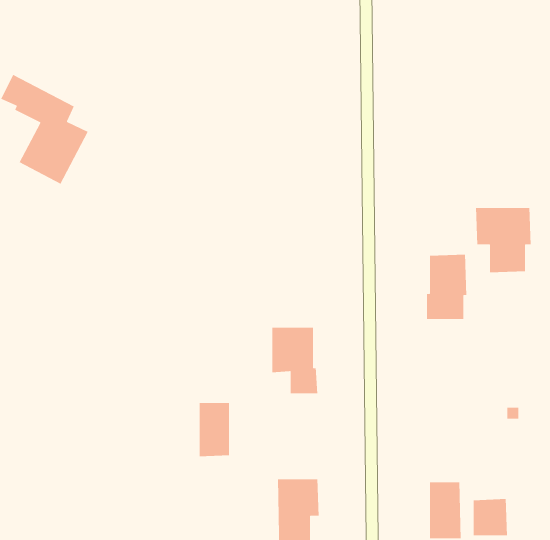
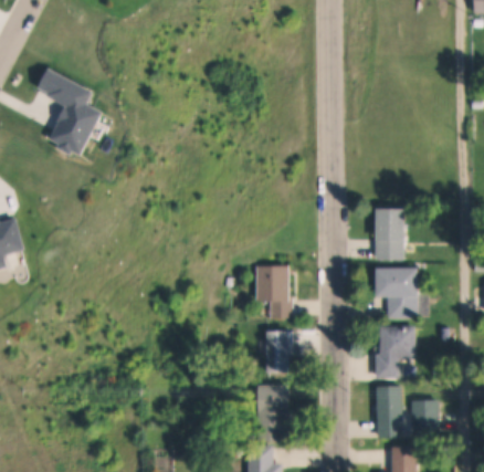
building: [475,207,531,273] -> [375,268,419,319]
building: [199,402,230,457] -> [264,331,288,374]
building: none -> [375,326,414,378]

